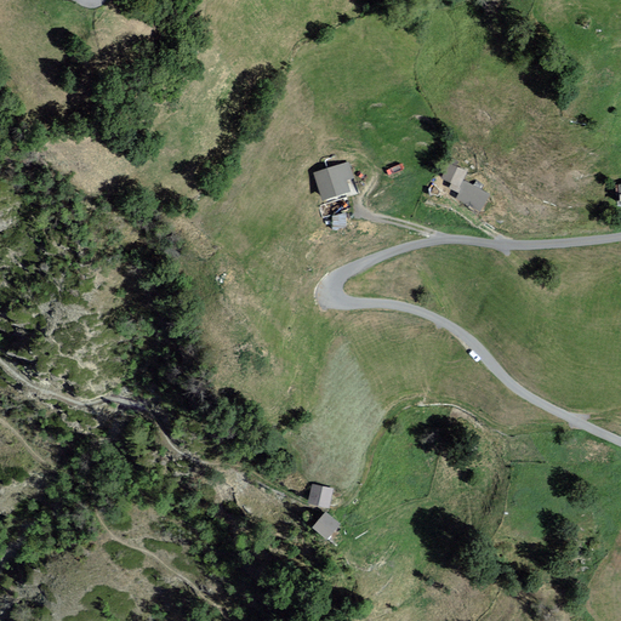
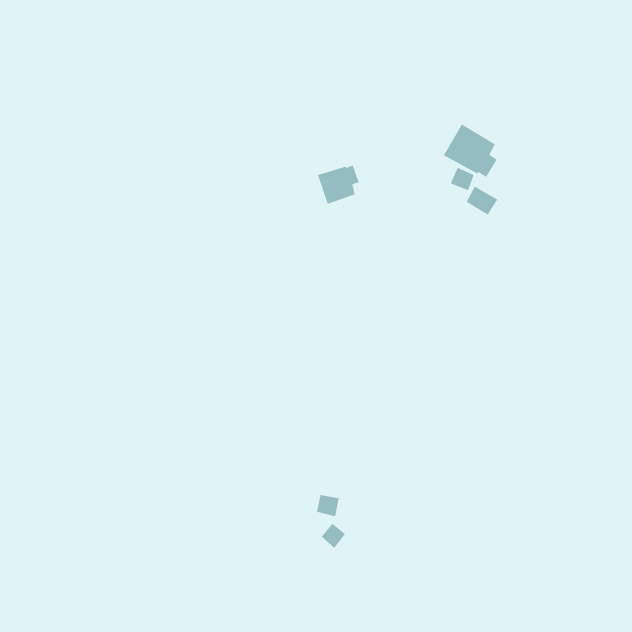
building: none -> [443,124,498,178]

